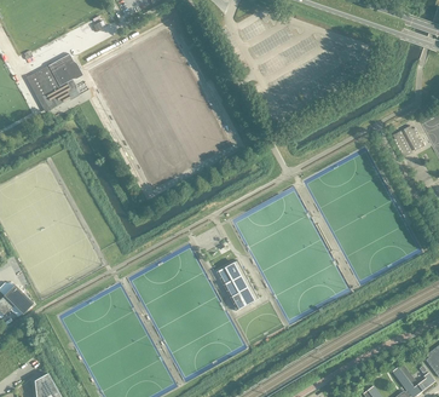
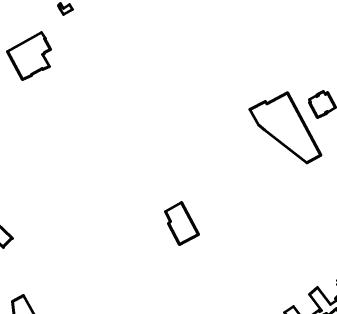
building: none -> [250,93,321,163]

